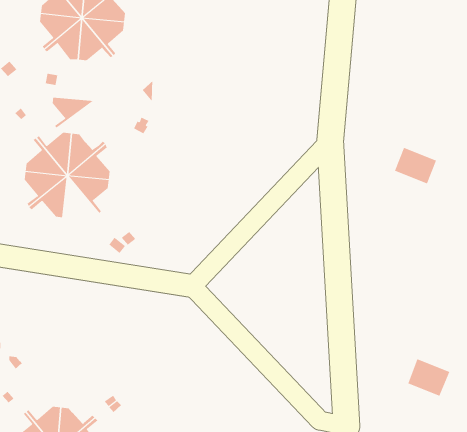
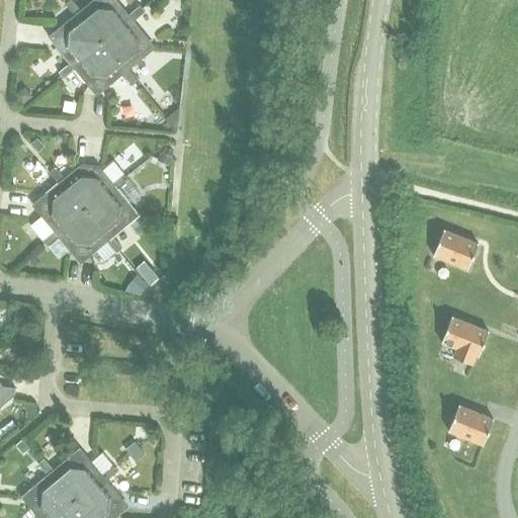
building: [52,97,94,129] -> none
building: [394,147,437,184] -> [431,230,477,269]
building: none -> [81,210,119,265]
building: none -> [440,318,488,362]

